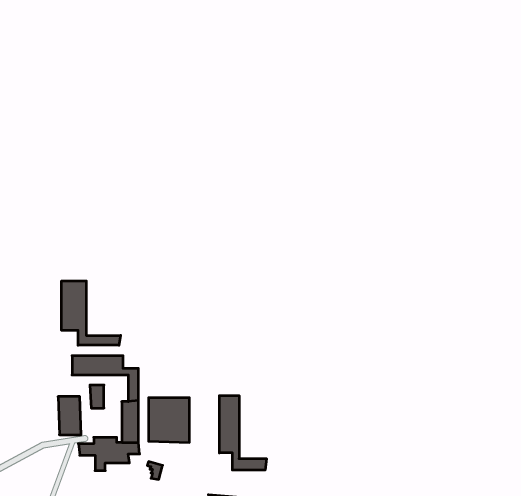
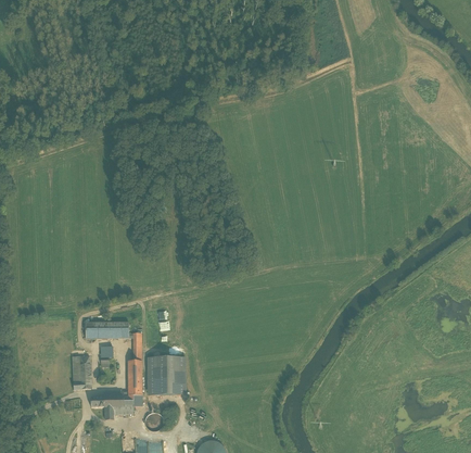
building: [62,281,121,345] -> none
building: [219,396,266,470] -> none

